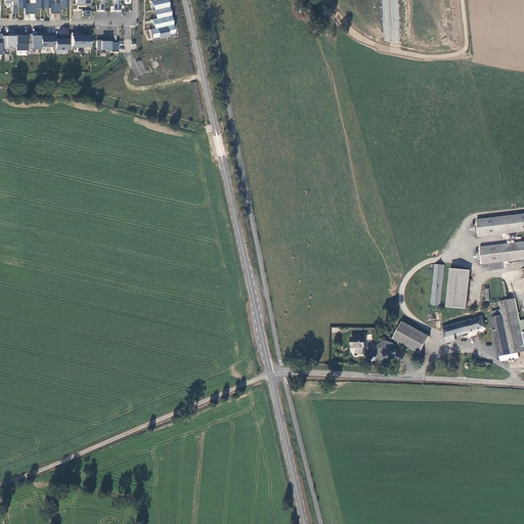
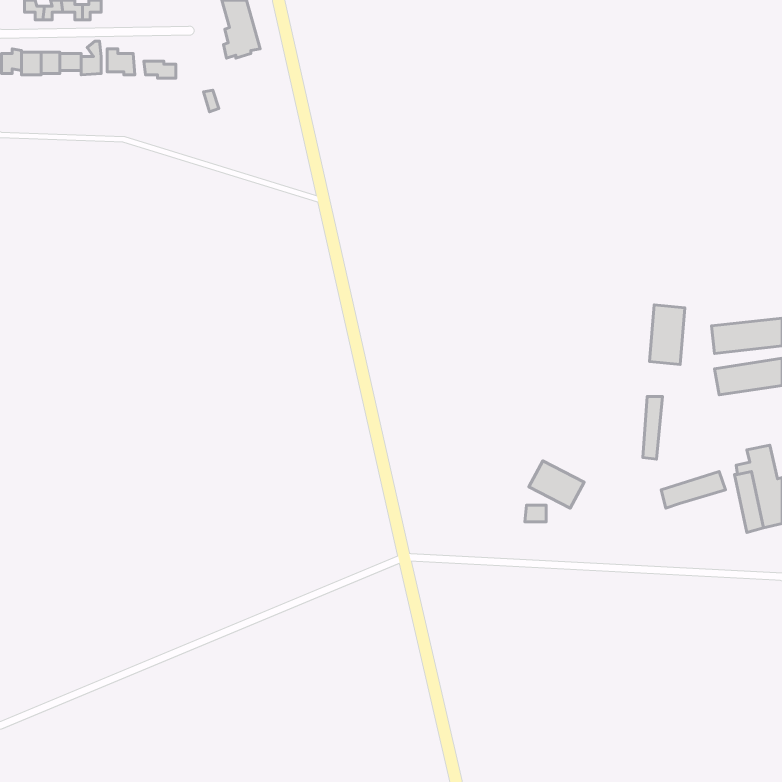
building: [445,268,469,308] -> [650,305,685,365]
building: [393,322,430,354] -> [529,461,584,508]

